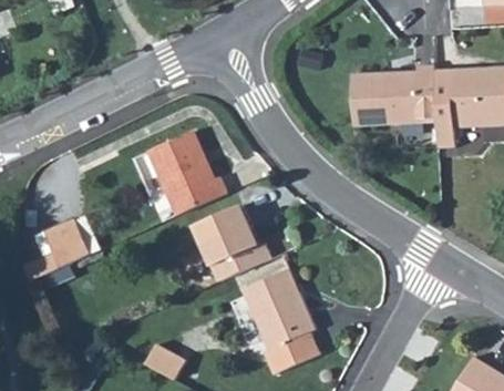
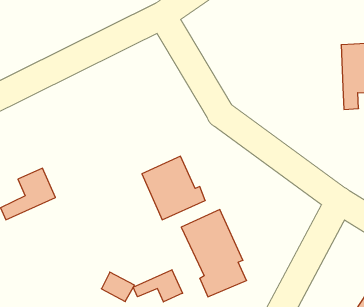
building: [350,64,435,125] -> none
building: [148,131,226,214] -> none
building: none -> [133,270,183,302]

